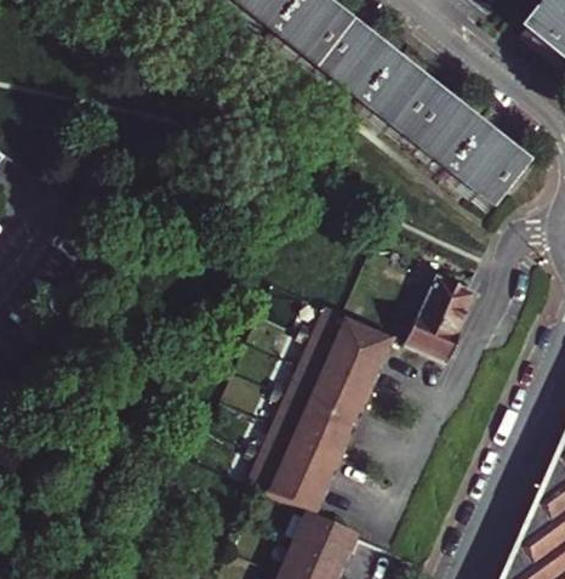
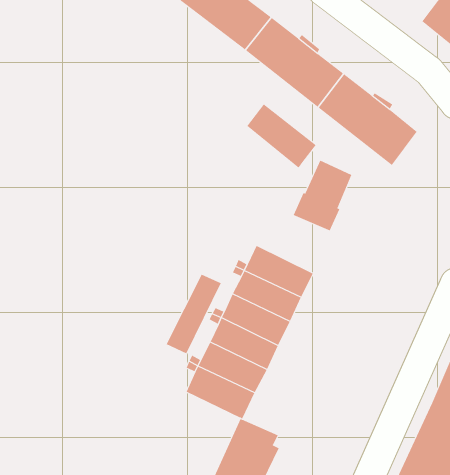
building: none -> [246,103,317,168]
building: [406,273,478,359] -> [293,160,352,231]
building: none -> [166,274,222,354]

